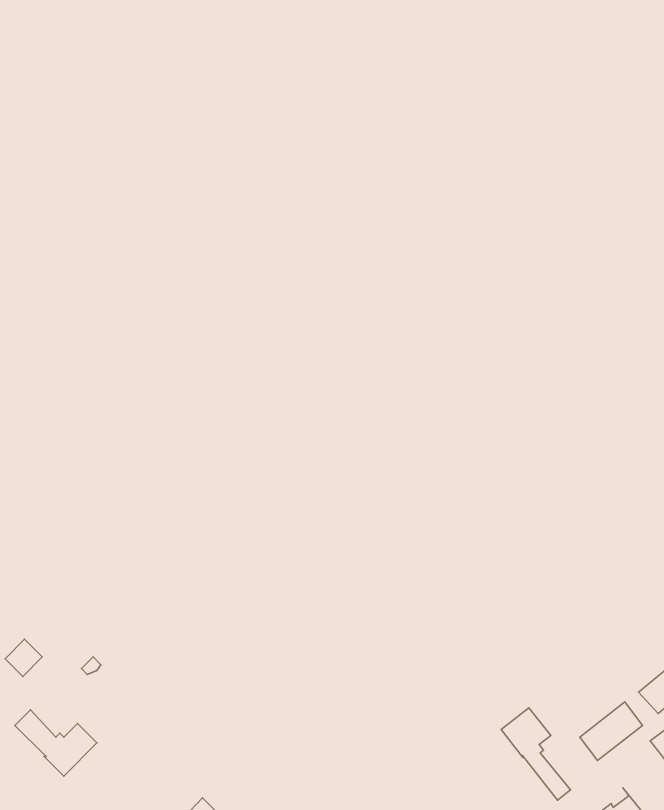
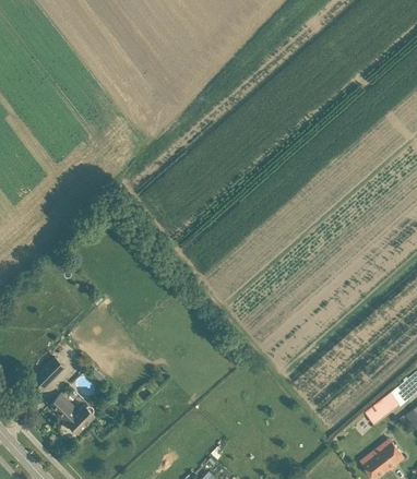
building: [501,708,571,800] -> none

